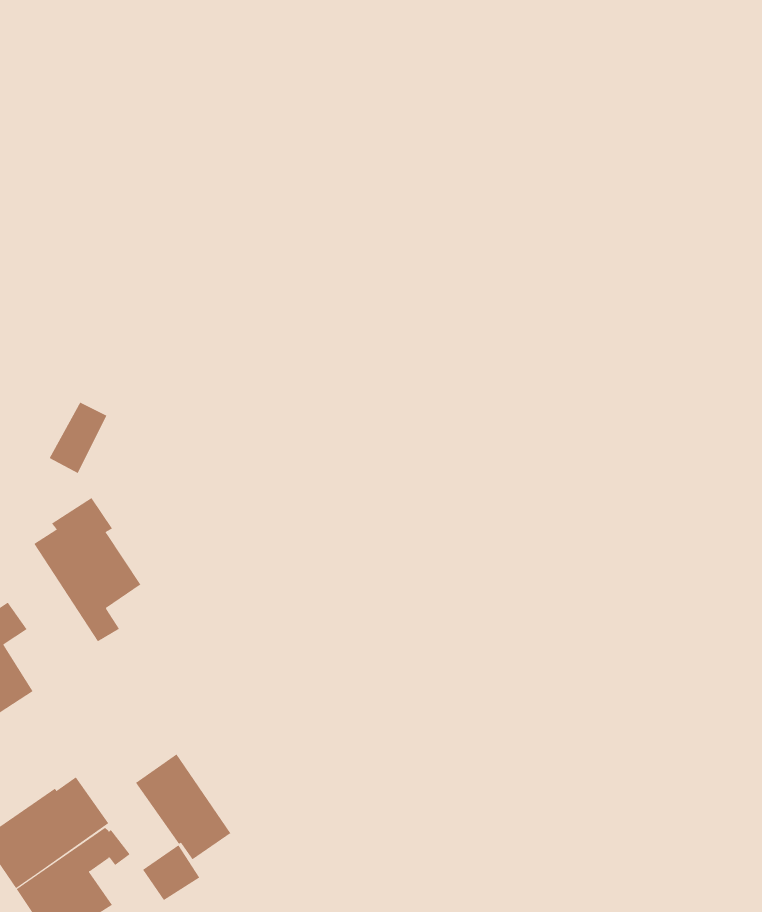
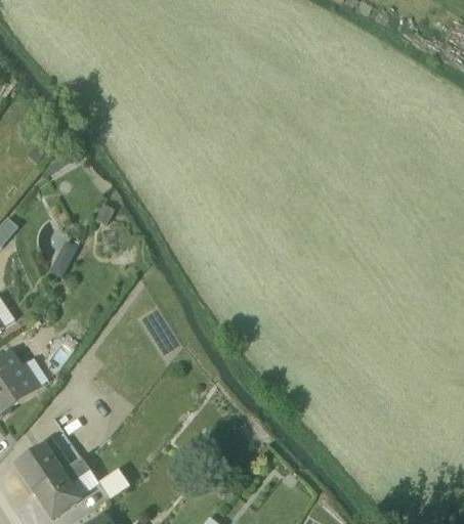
building: [34,497,141,642] -> none
building: [135,753,231,860] -> none

